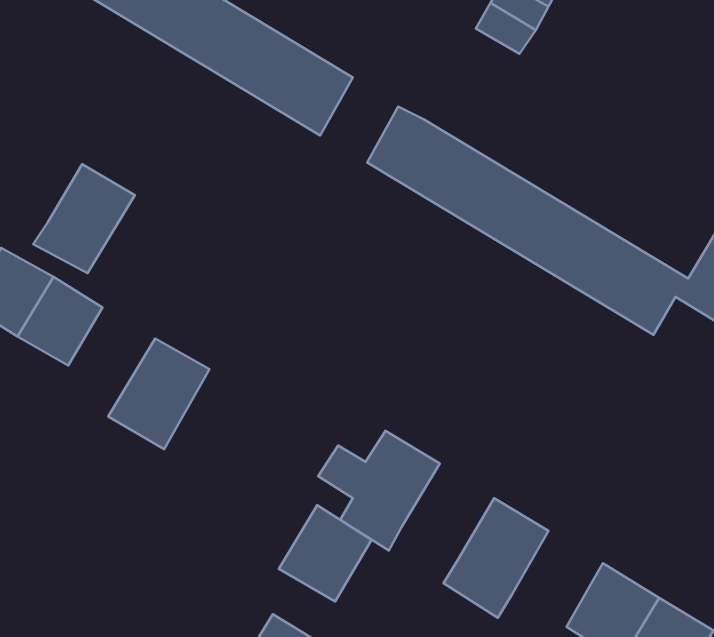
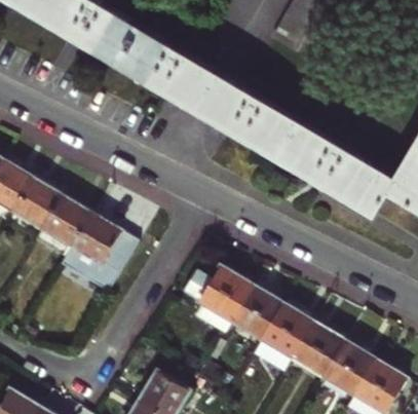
building: none -> [185,67,229,115]
building: [33,164,135,273] -> [34,197,91,259]
building: [279,505,371,601] -> [231,286,283,340]
building: none -> [294,324,345,378]

